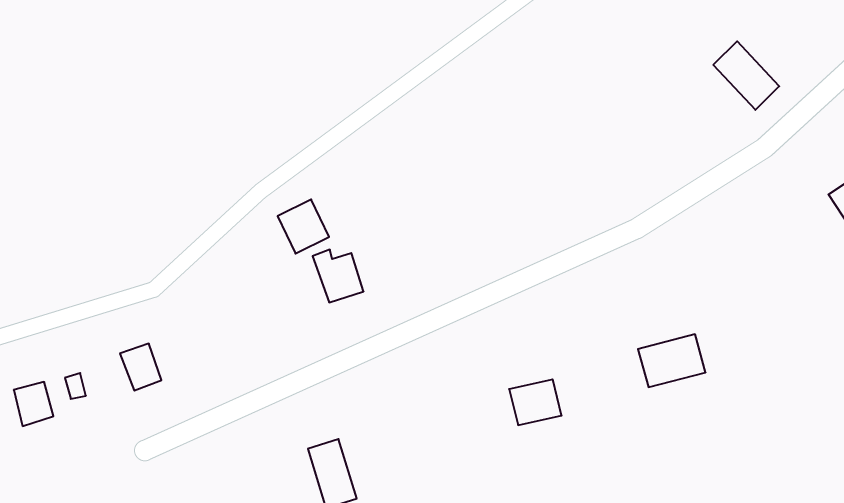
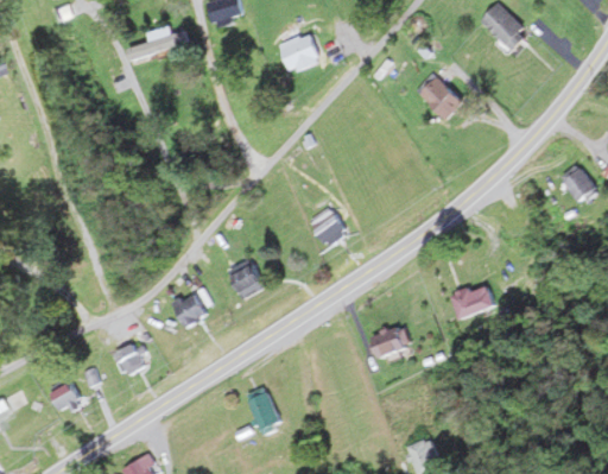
building: [713,41,779,110] -> [416,74,461,116]
building: none -> [309,206,348,246]
building: [278,199,329,254] -> [173,291,209,328]

